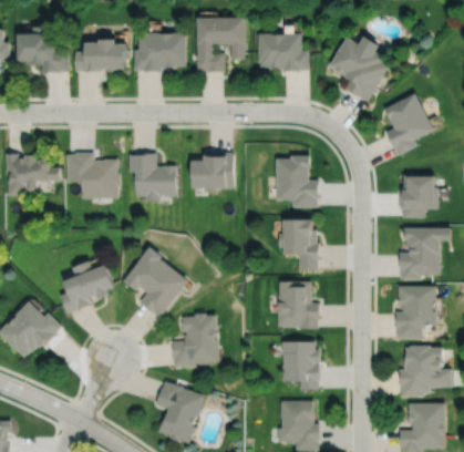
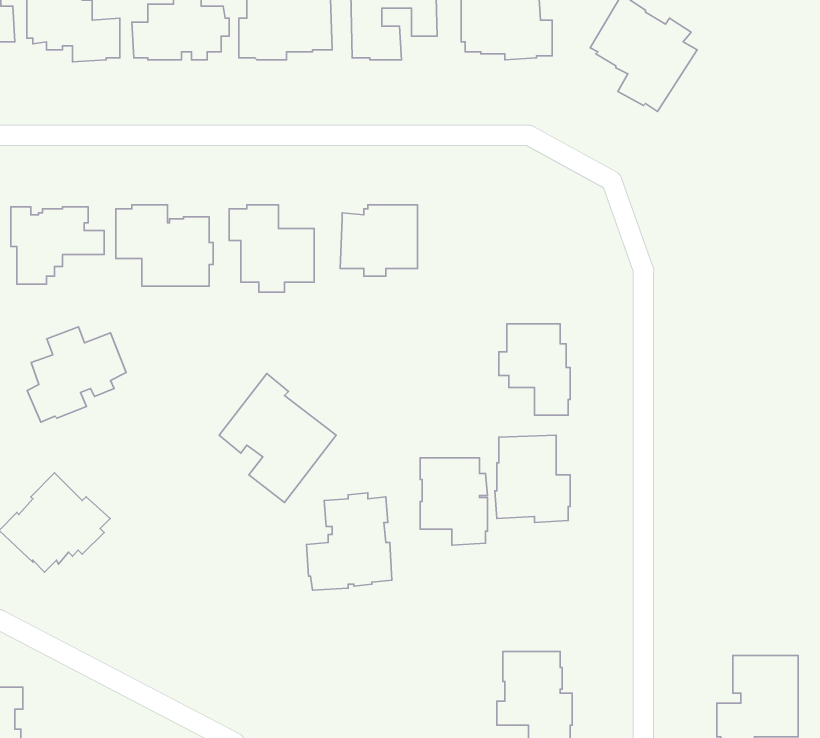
building: [384,92,434,154] -> none
building: [276,155,319,206] -> none
building: [400,174,439,217] -> none
building: [400,227,452,278] -> none
building: [60,260,115,314] -> [27,327,126,422]
building: [396,286,437,339] -> none
building: [282,341,320,390] -> [420,458,488,545]
building: [400,346,453,396] -> none
building: [156,381,205,444] -> none

